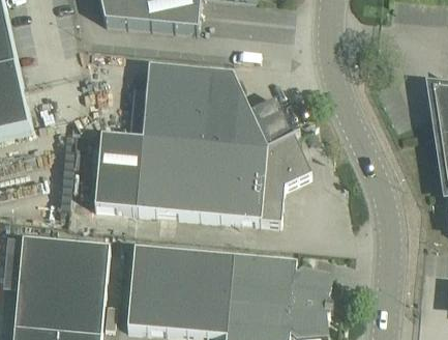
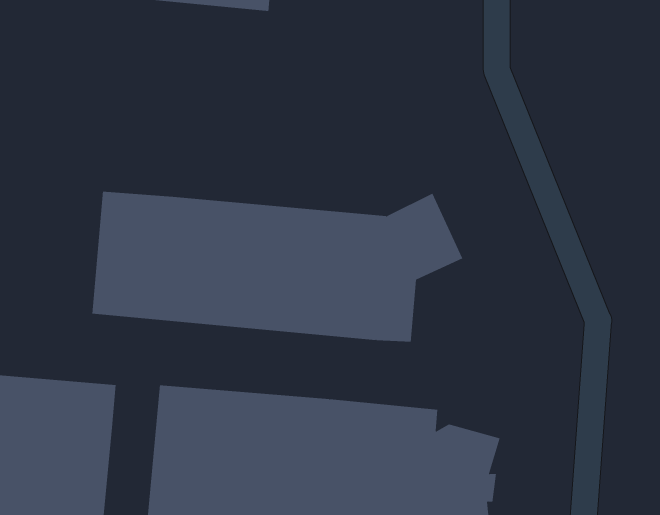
building: [143,62,294,146] -> none

